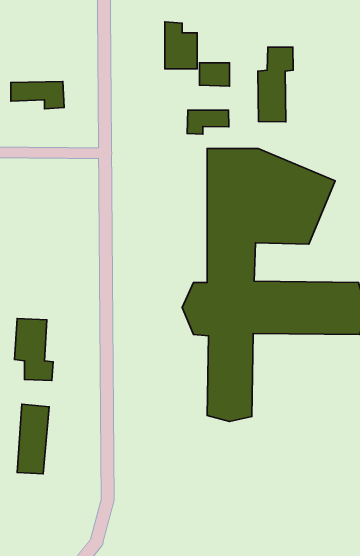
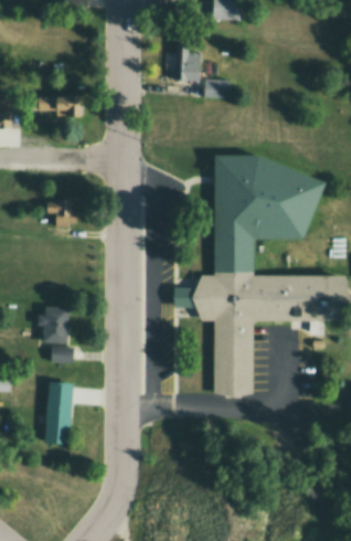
building: [258,47,293,122] -> none
building: [187,110,229,134] -> none
building: none -> [47,199,81,226]

